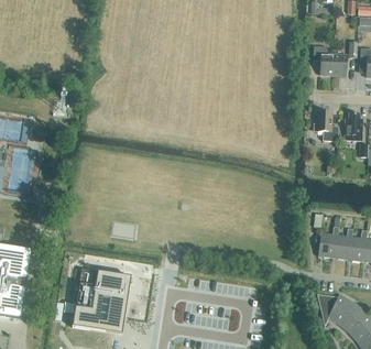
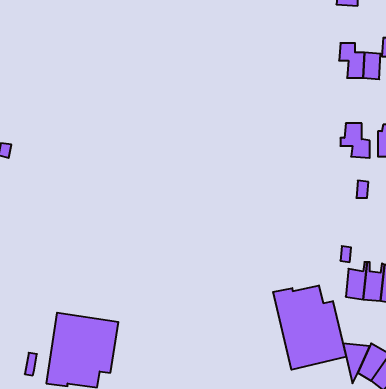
building: none -> [273,285,346,370]

